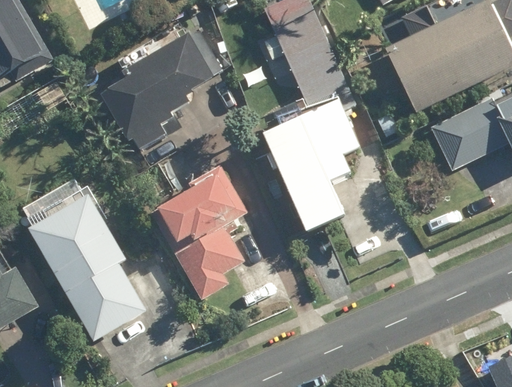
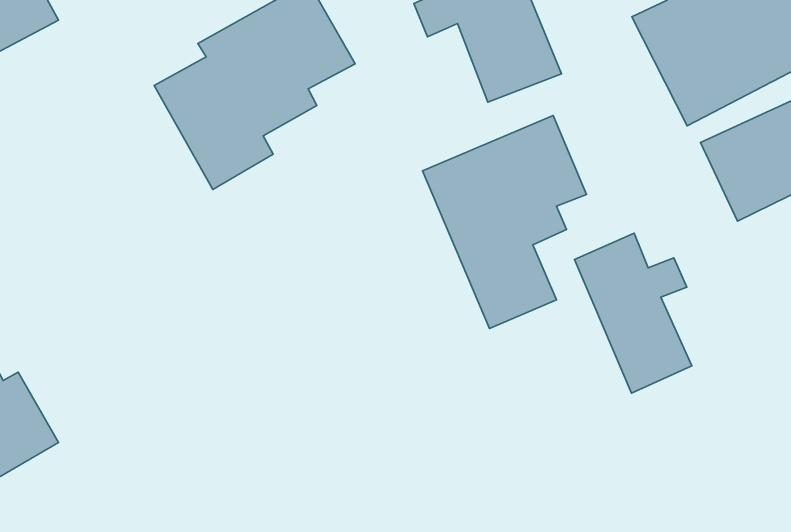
building: [151,169,248,300] -> none
building: none -> [575,233,692,393]
building: [33,191,151,339] -> none

